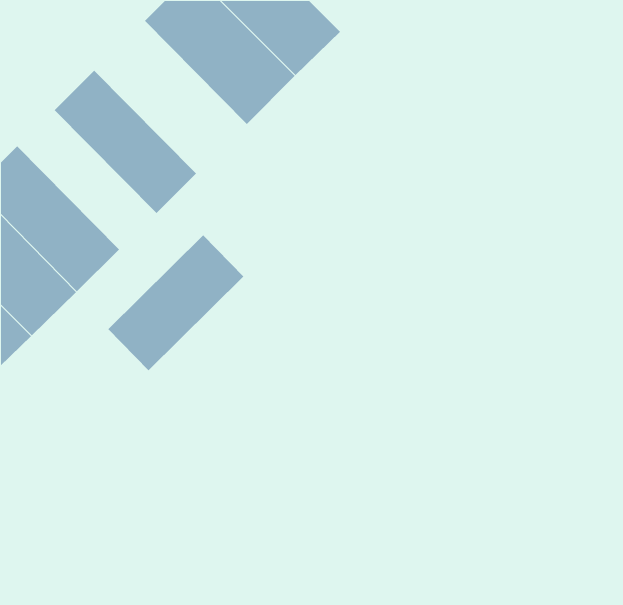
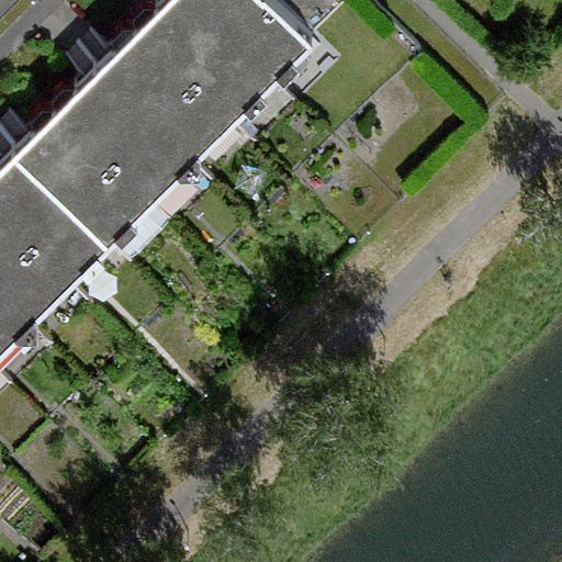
building: none -> [86,36,223,173]
building: none -> [16,116,142,241]
building: [107,235,244,371] -> none

